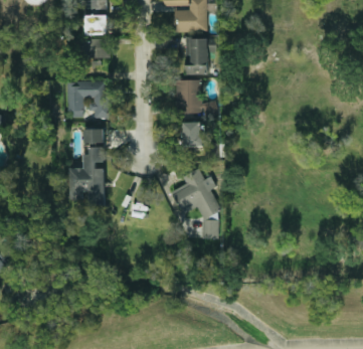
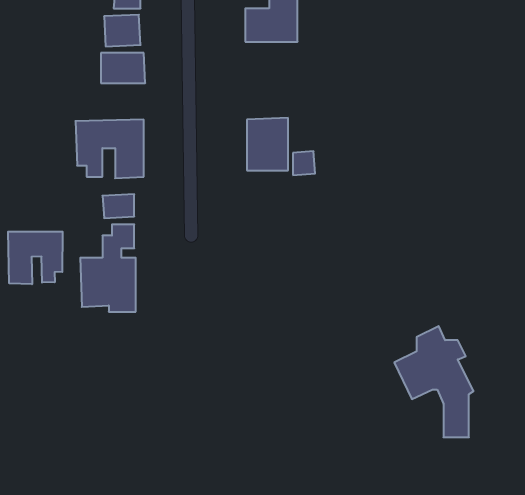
building: [184,37,216,74] -> none
building: [183,122,201,146] -> none
building: none -> [8,232,63,284]
building: [170,168,220,238] -> [394,326,474,437]

